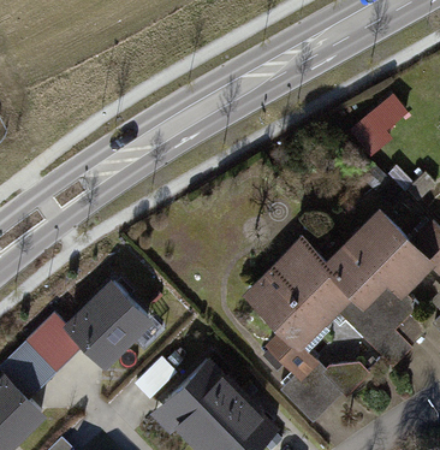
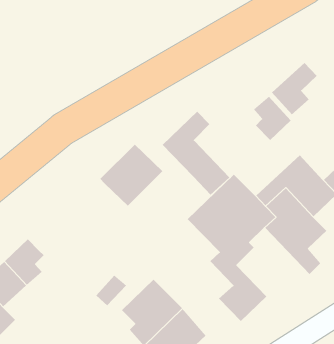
building: none -> [253,96,291,141]
building: none -> [162,111,230,195]
building: [67,282,145,359] -> [99,144,163,206]

